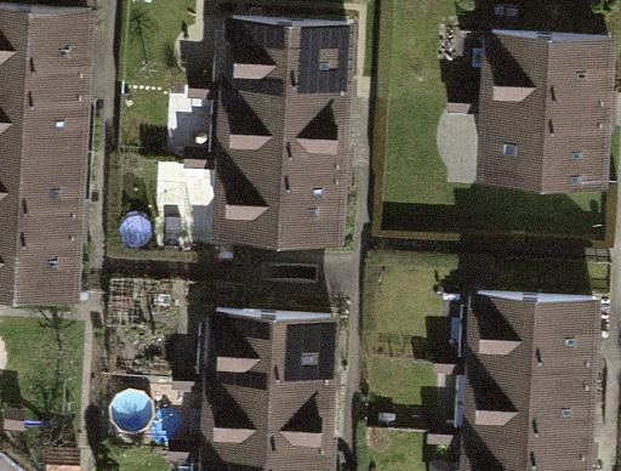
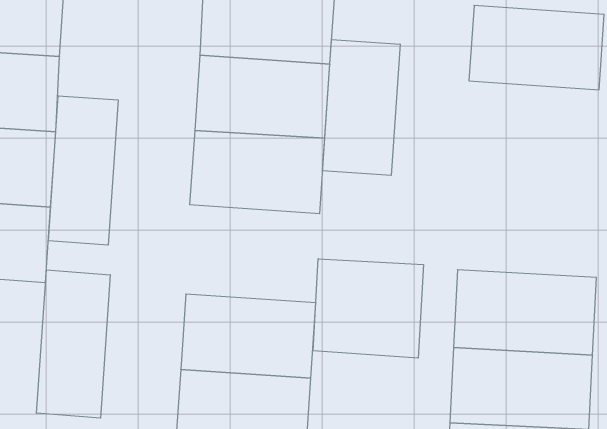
building: none -> [323,39,400,175]
building: [477,109,605,188] -> none
building: none -> [48,96,118,245]
building: none -> [313,259,423,358]
building: none -> [37,270,110,418]

